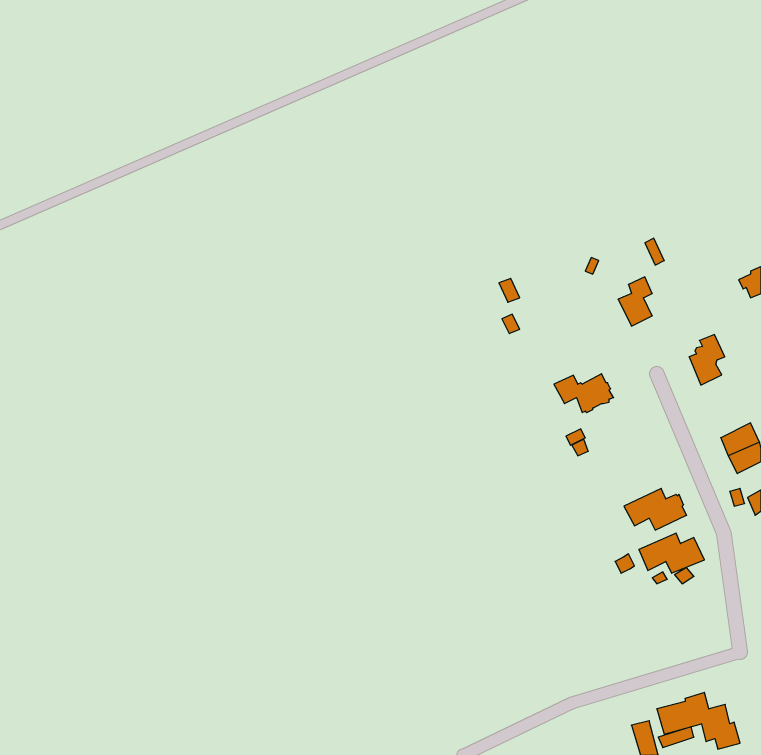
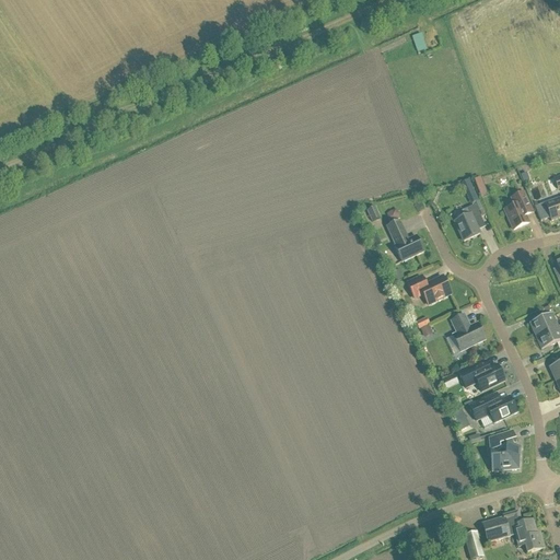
building: none -> [389,226,423,261]
building: [689,335,725,385] -> [504,191,530,229]
building: none -> [452,314,485,350]
building: none -> [489,429,520,469]

